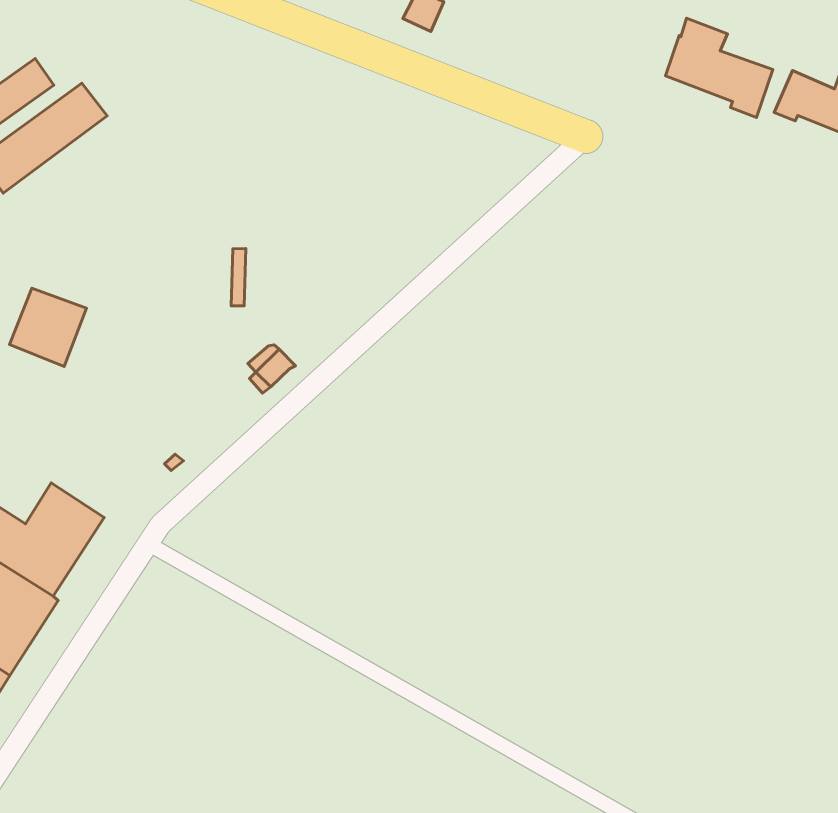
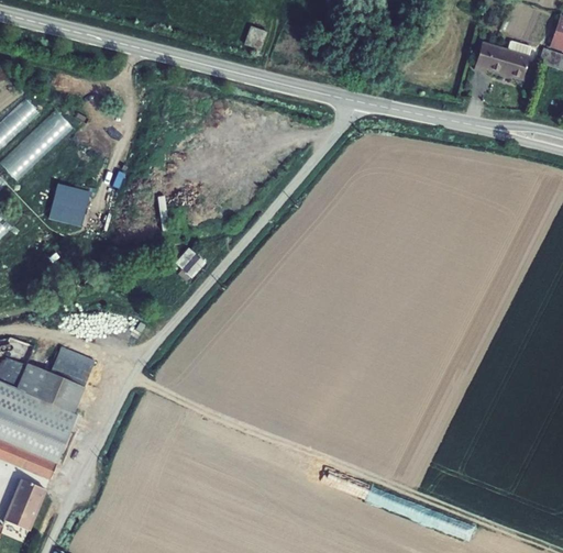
building: [666,18,773,118] -> none
building: [10,288,87,366] -> [47,183,90,226]

